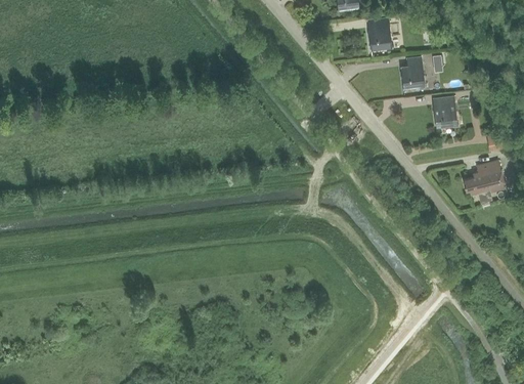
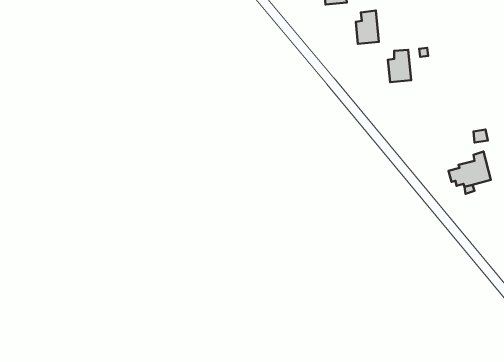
building: [433,95,456,128] -> none

